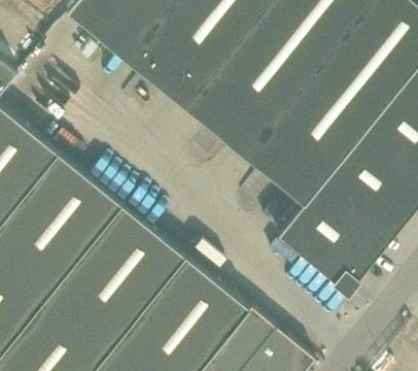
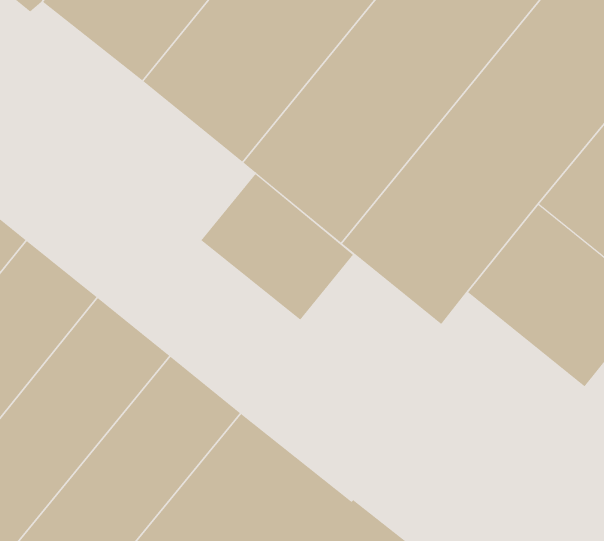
building: none -> [201,173,354,320]
building: [278,185,389,294] -> none

